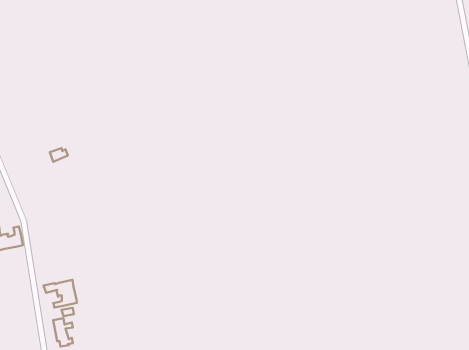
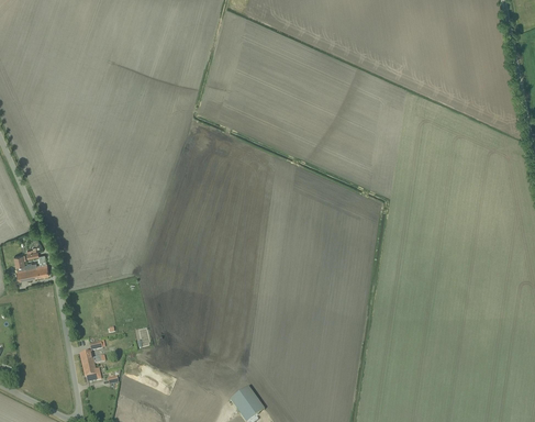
building: [43,280,77,307] -> none

